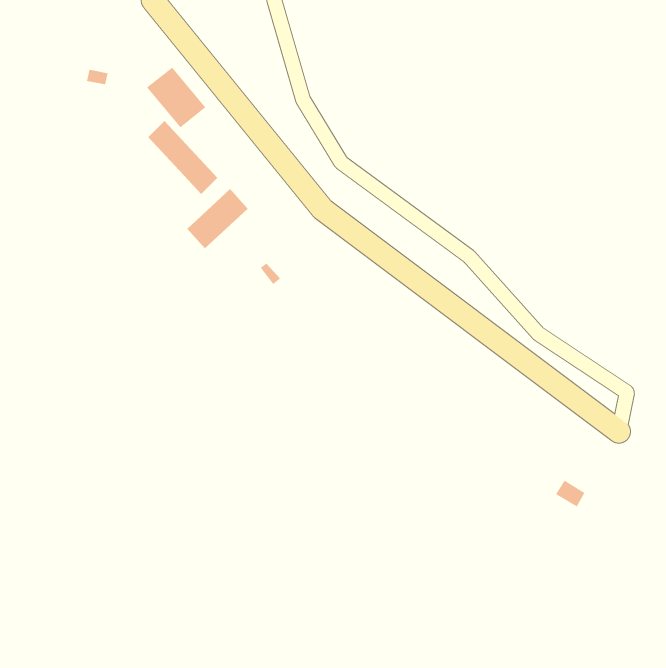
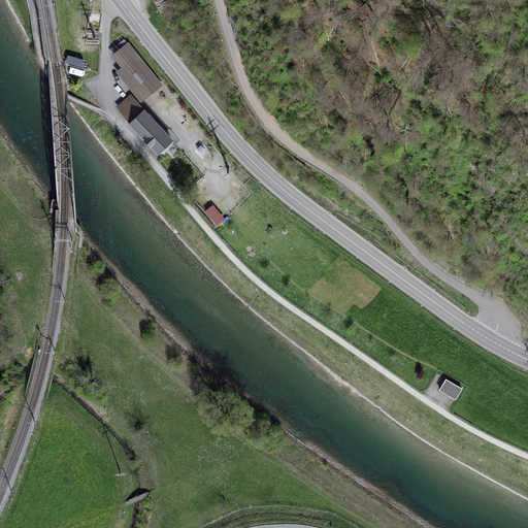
building: [187,188,248,249] -> none

